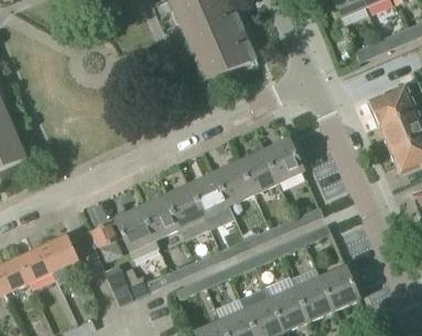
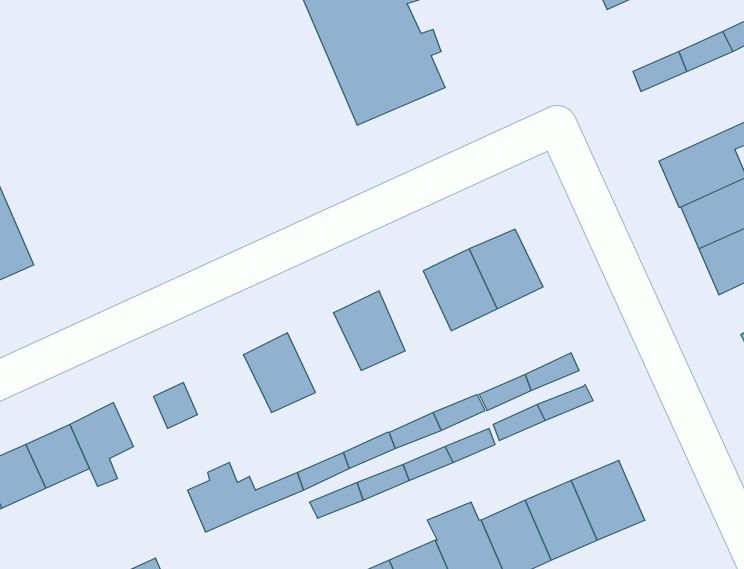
building: [216,161,255,205] -> none
building: [166,184,206,228] -> none
building: [115,207,158,254] -> none

